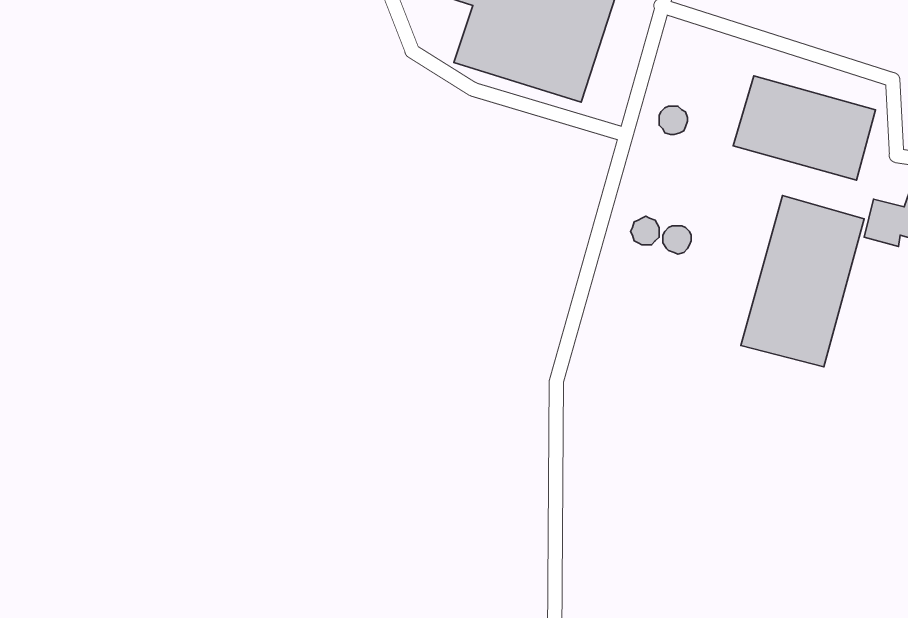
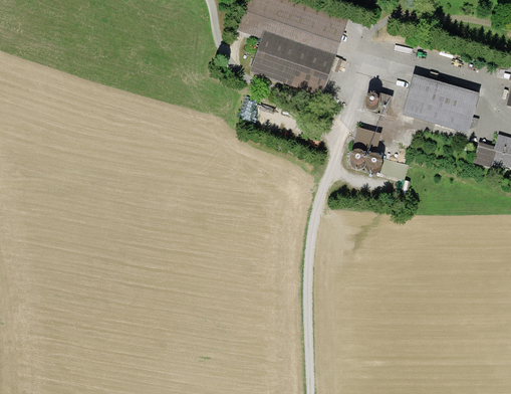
building: none -> [352,124,381,151]
building: [741,196,864,367] -> none

